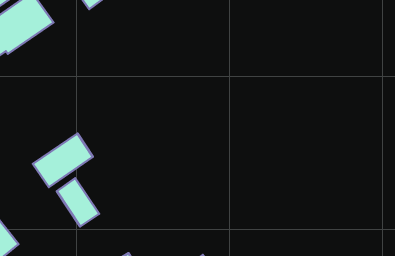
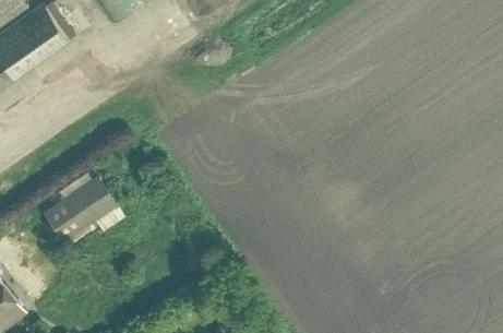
building: [57,178,99,226] -> none

